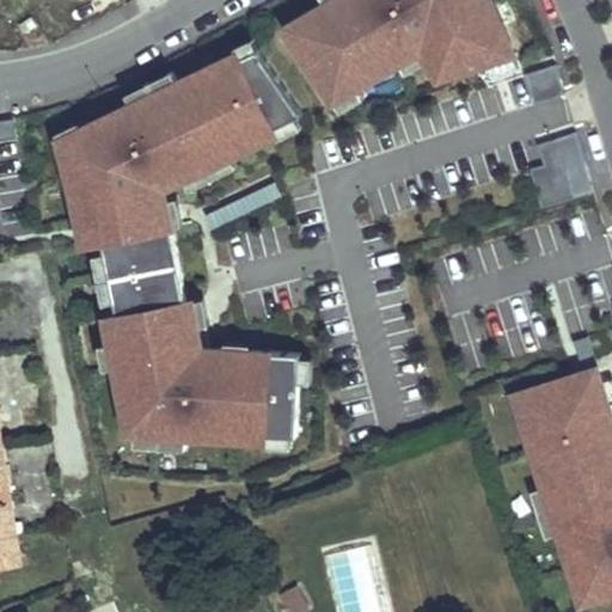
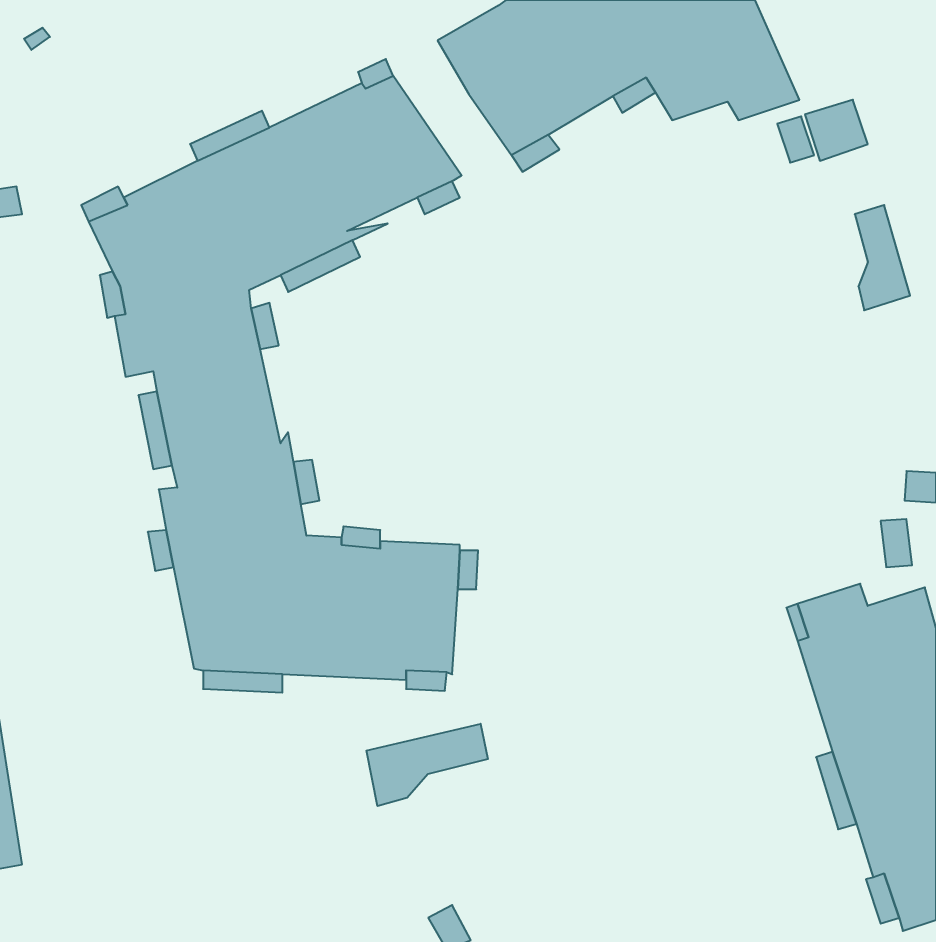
building: [526,140,562,208] -> none
building: none -> [366,724,488,806]

